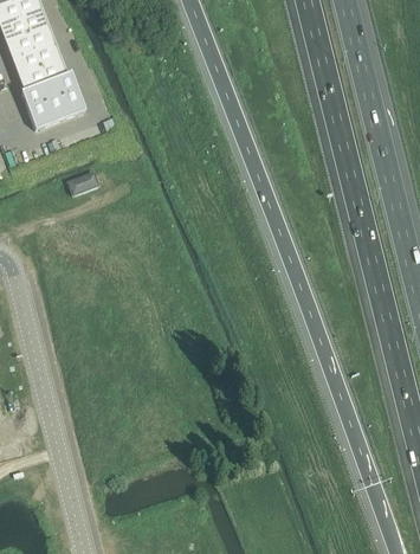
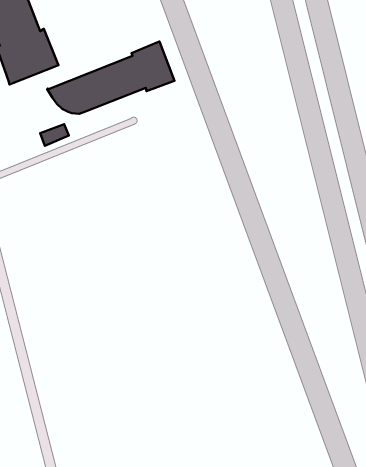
building: none -> [47,41,175,114]

